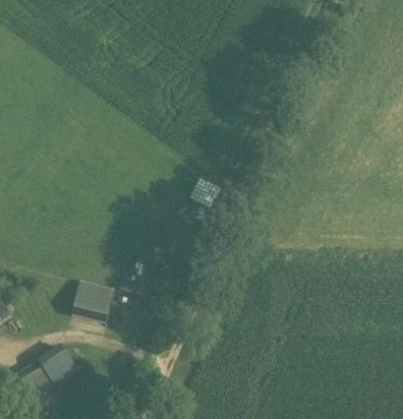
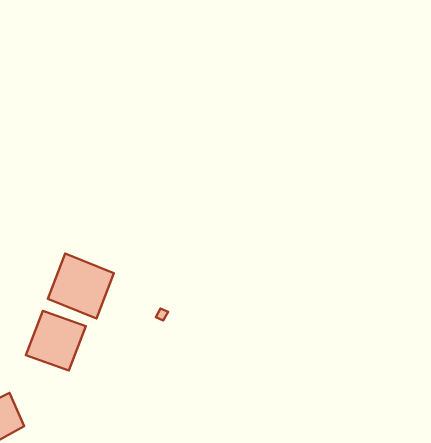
building: none -> [48,254,114,319]

